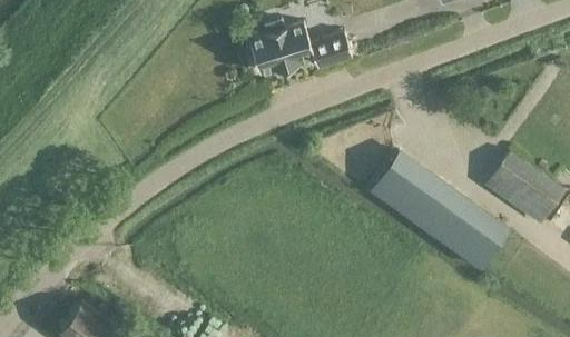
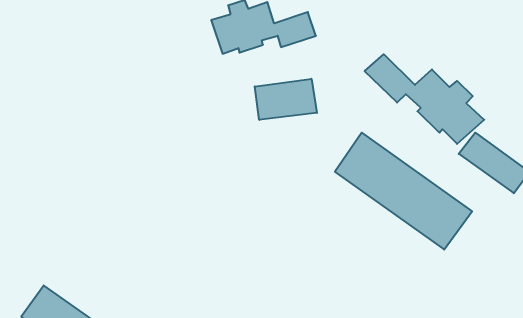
building: none -> [365,54,484,144]
building: none -> [255,79,317,120]

